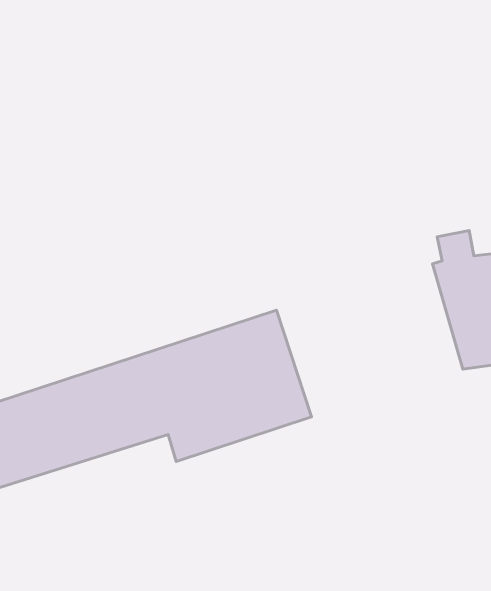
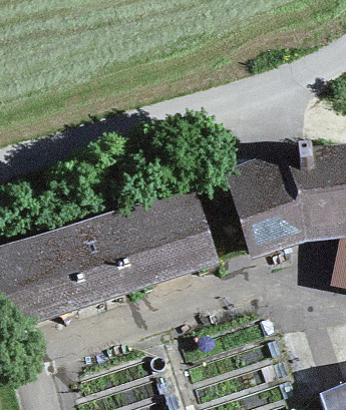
building: none -> [233,166,311,251]

